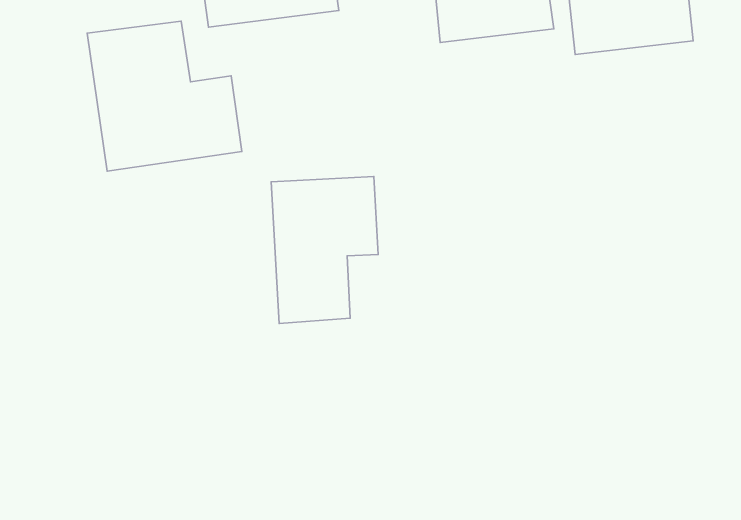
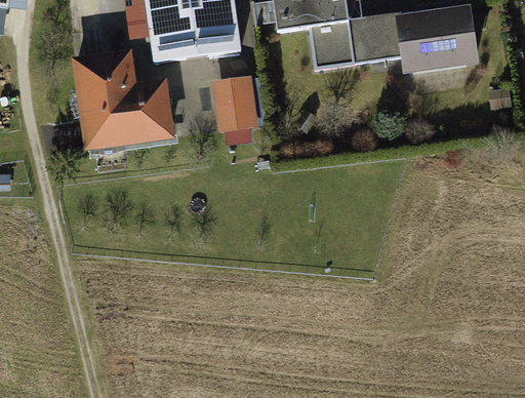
building: none -> [215,84,255,131]
building: [271,177,378,323] -> none

